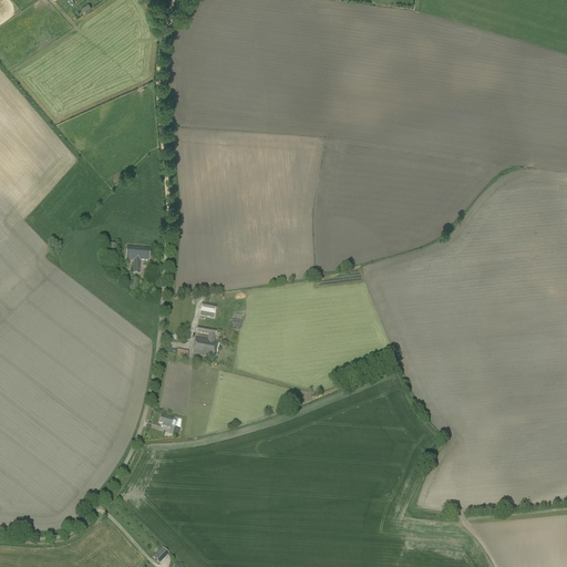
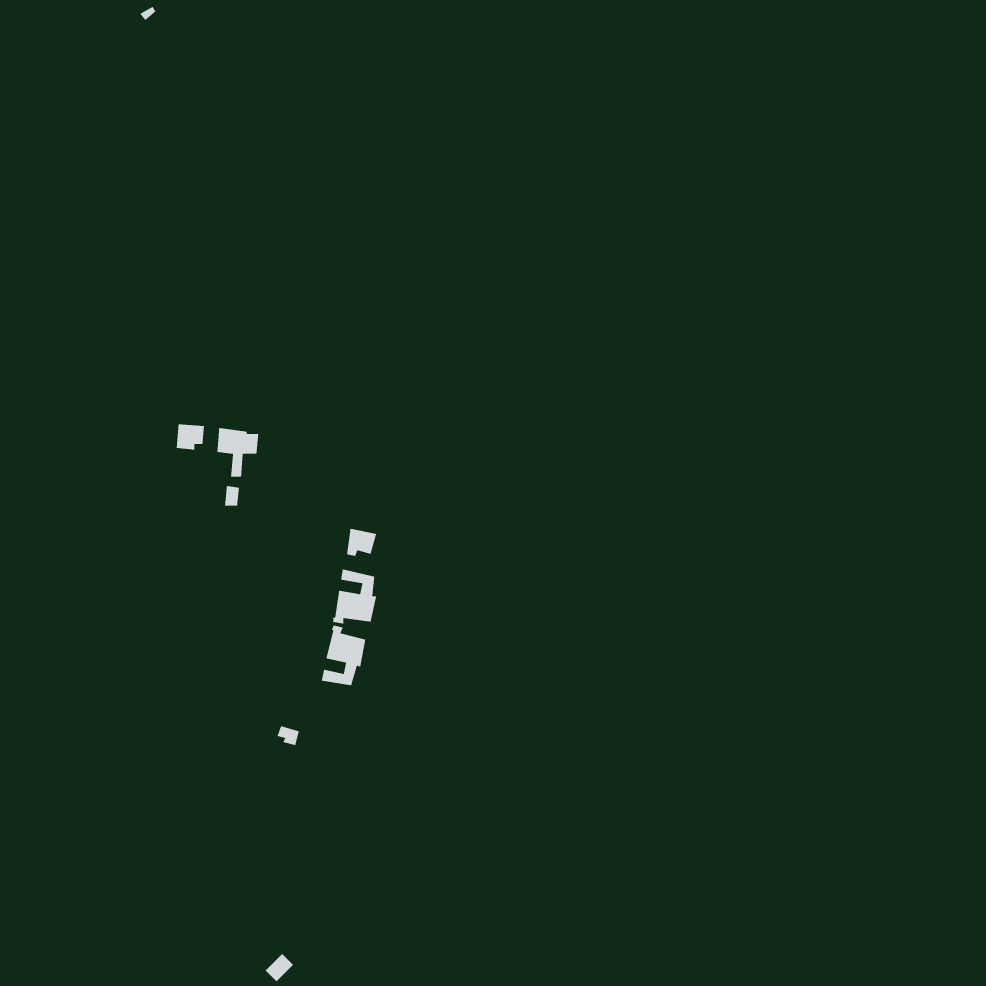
building: none -> [321,625,366,686]

